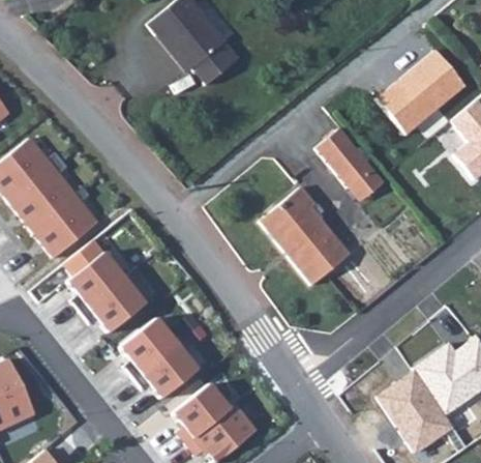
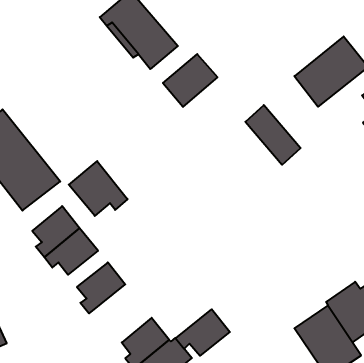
building: none -> [163,54,217,107]
building: [255,190,342,286] -> none
building: none -> [69,161,128,216]
building: [136,343,200,398] -> [175,309,230,356]

